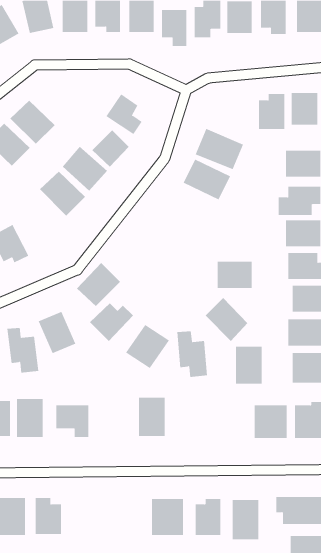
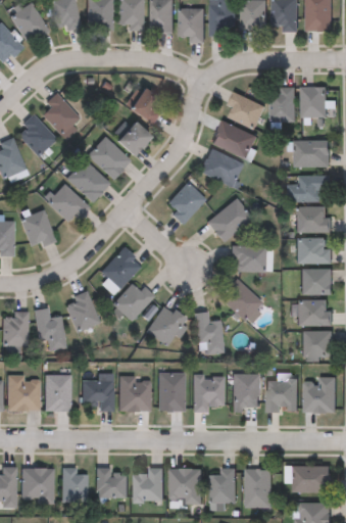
building: none -> [225,93,265,130]
building: none -> [164,183,205,224]
building: none -> [46,184,86,224]
building: none -> [206,198,251,243]
building: [235,346,262,384] -> [233,374,258,410]
building: none -> [193,375,224,410]
building: none -> [118,377,149,410]
building: none -> [134,467,163,501]
building: none -> [96,469,128,497]

